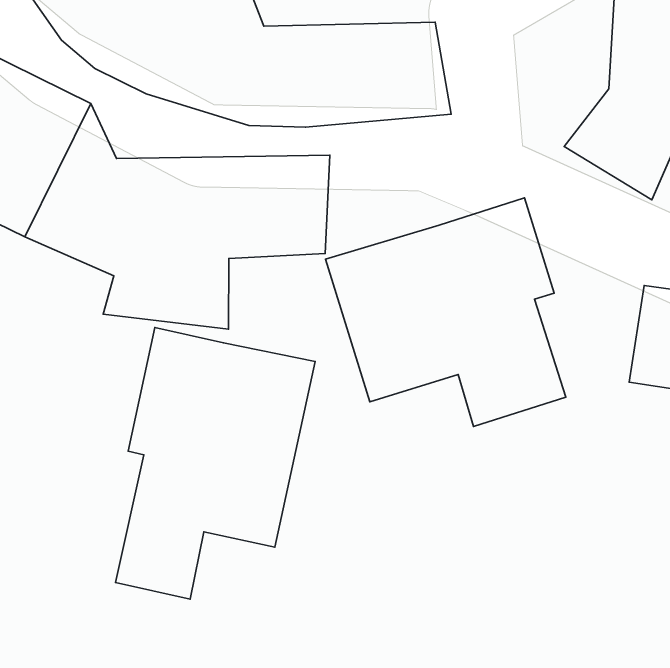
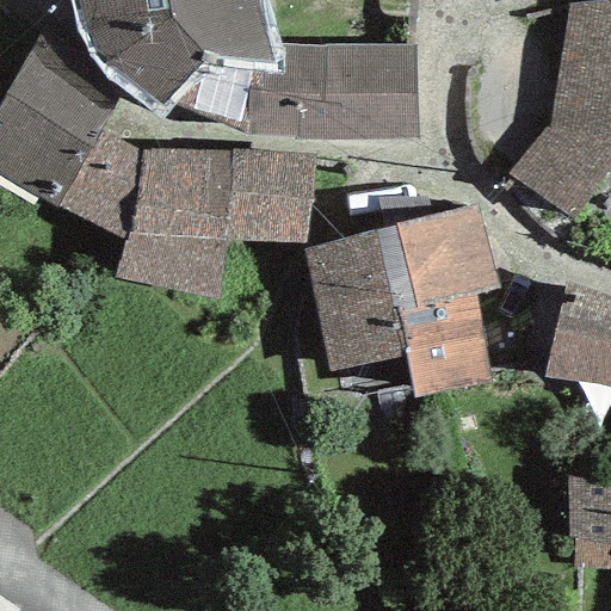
building: [116,327,315,599] -> none

